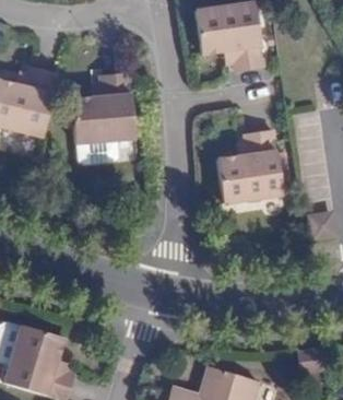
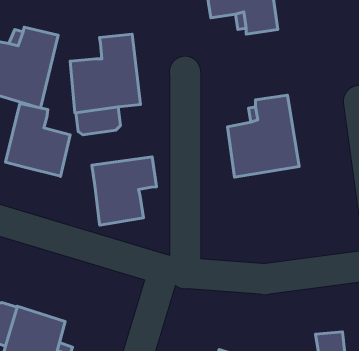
building: none -> [5,104,70,176]
building: none -> [92,157,156,225]

